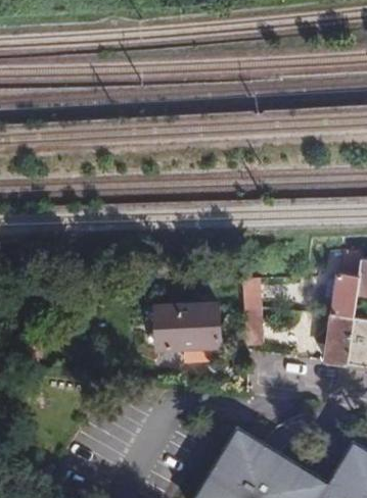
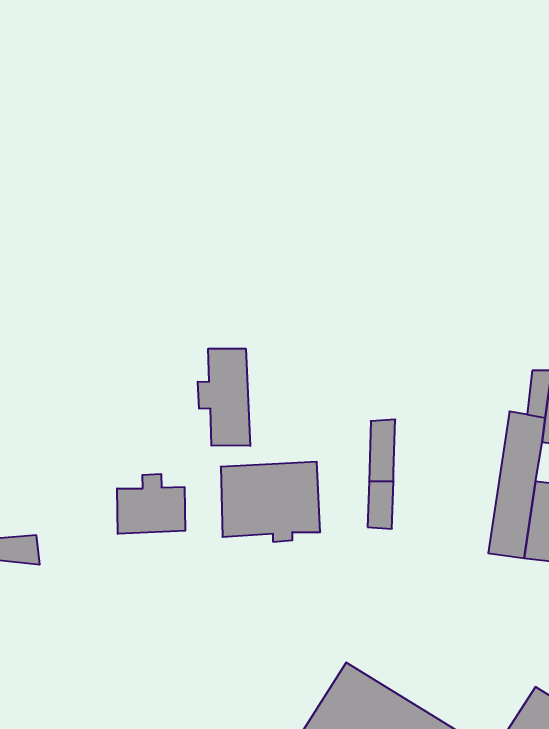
building: none -> [198,349,250,446]
building: none -> [117,474,185,534]

